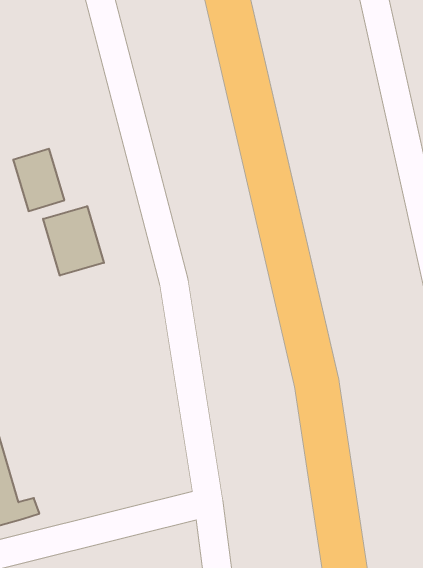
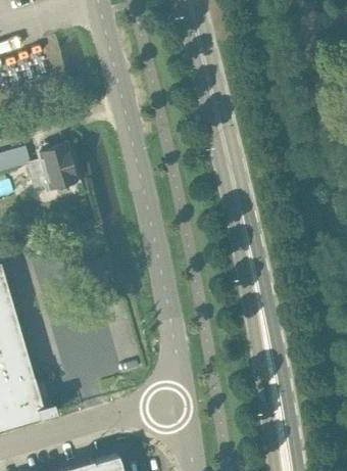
building: [43,206,104,276] -> none

